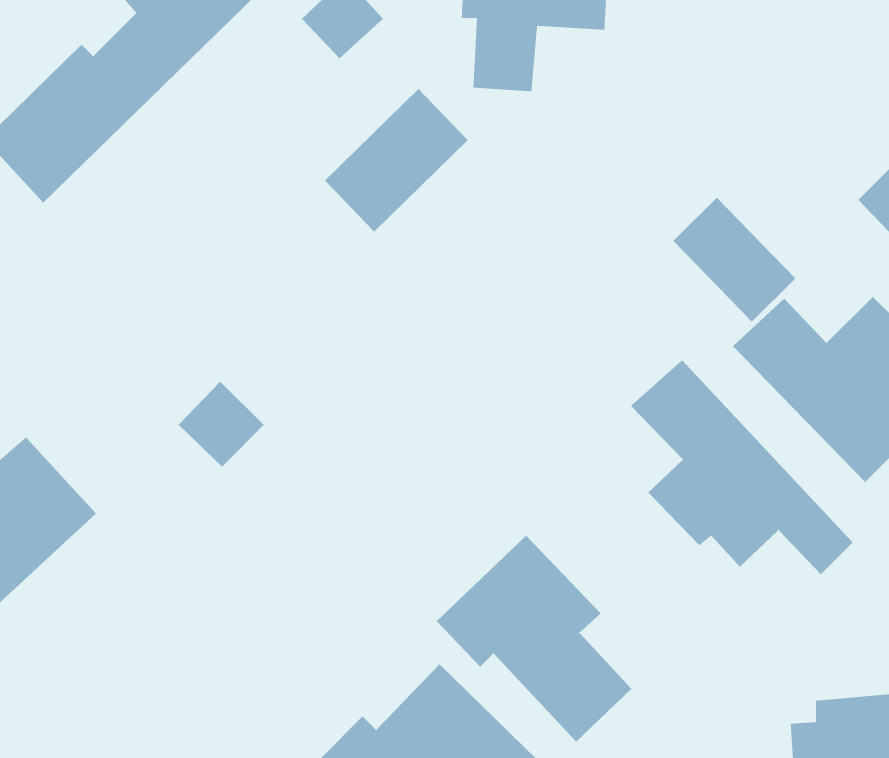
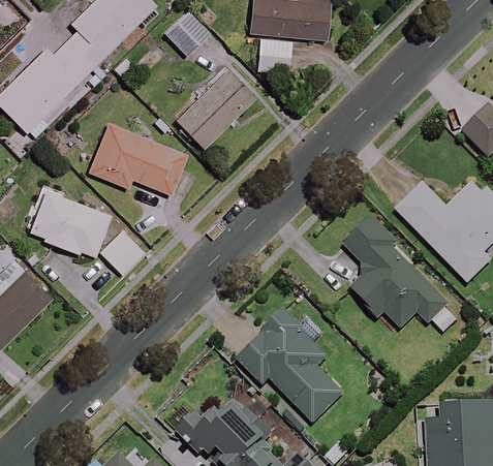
building: none -> [87,122,187,195]
building: [672,197,796,323] -> none
building: none -> [26,188,112,260]

